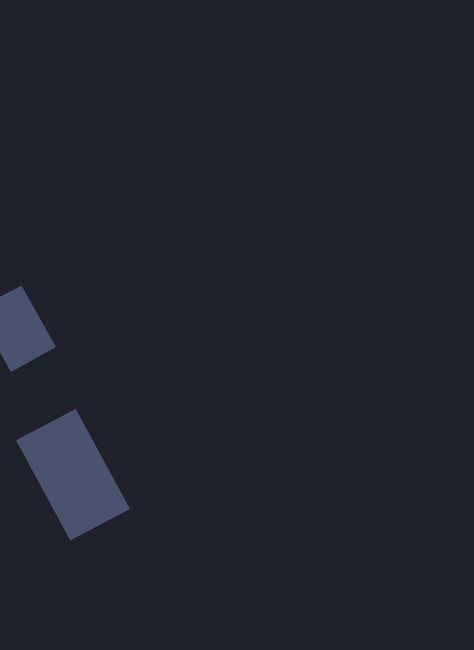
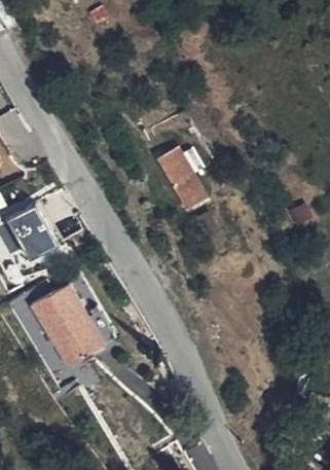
building: none -> [160,148,207,209]

